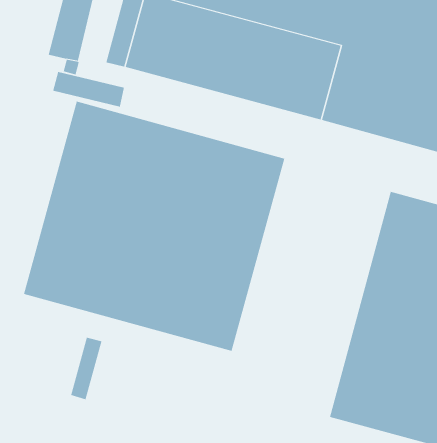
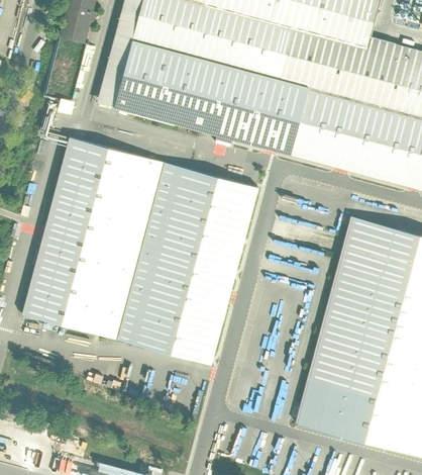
building: [52,71,125,107] -> none
building: [71,337,102,400] -> none

